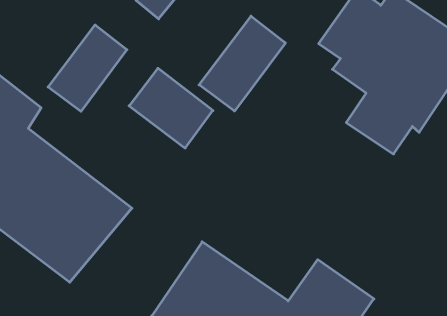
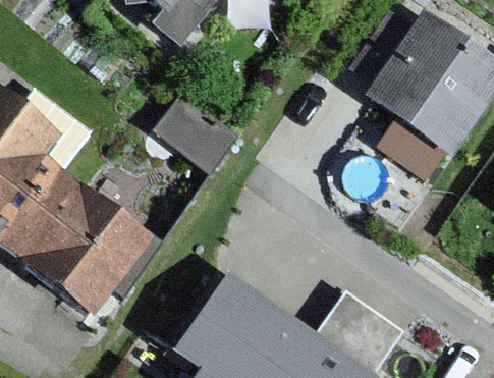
building: [199,16,285,111] -> none
building: [48,25,127,111] -> none

